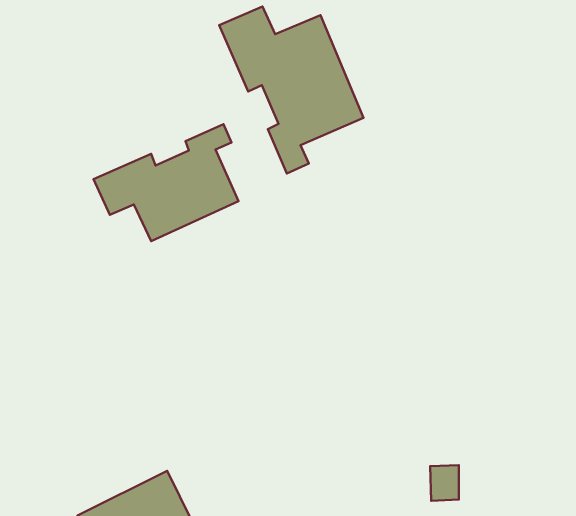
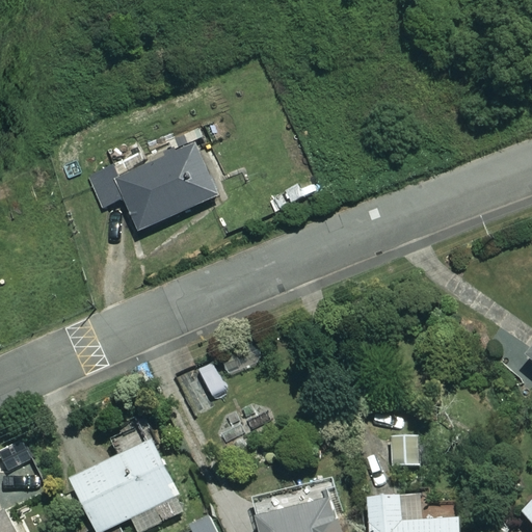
building: [219,6,363,173] -> none

